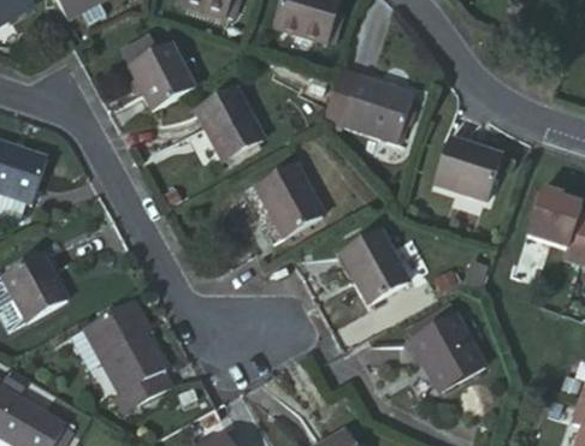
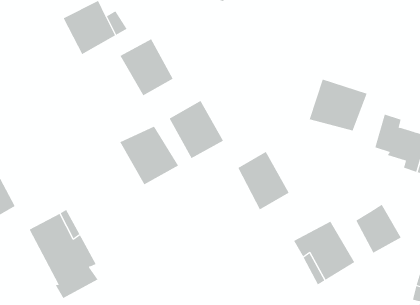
building: [323,76,412,150] -> none
building: none -> [119,126,179,185]
building: none -> [355,204,401,254]

